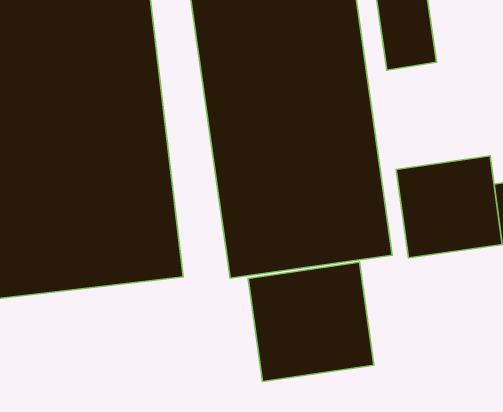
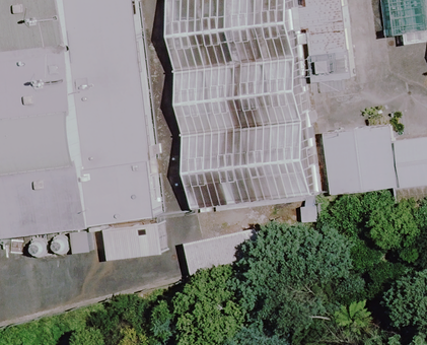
building: [248,262,374,382] -> none

